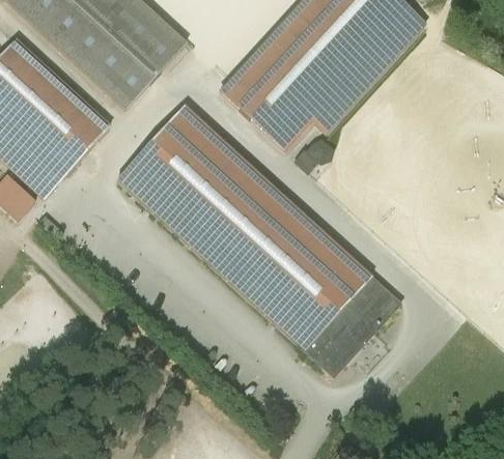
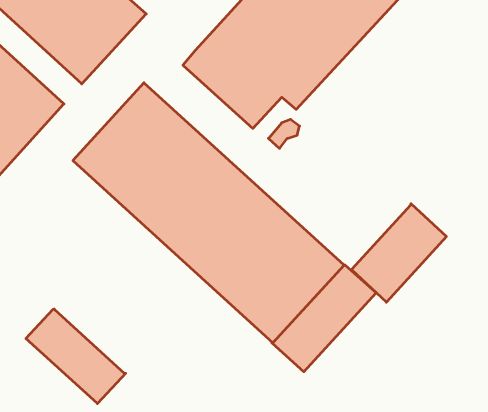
building: none -> [352,204,446,302]
building: none -> [26,309,126,404]

